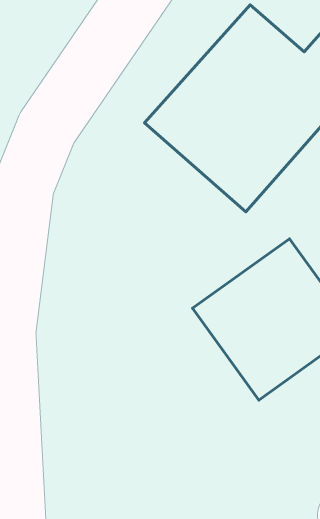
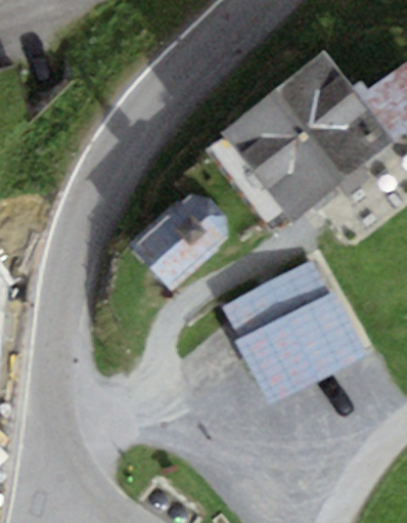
building: none -> [127,202,221,293]

